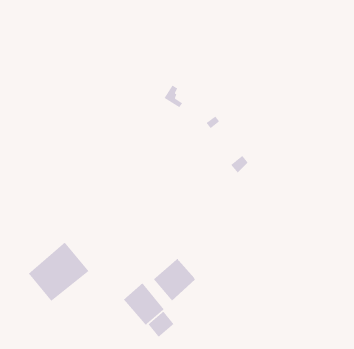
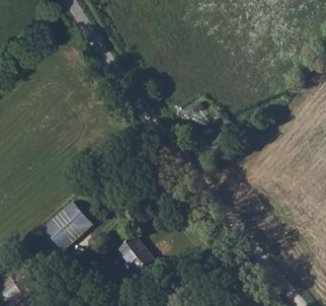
building: [153,257,196,302] -> none

